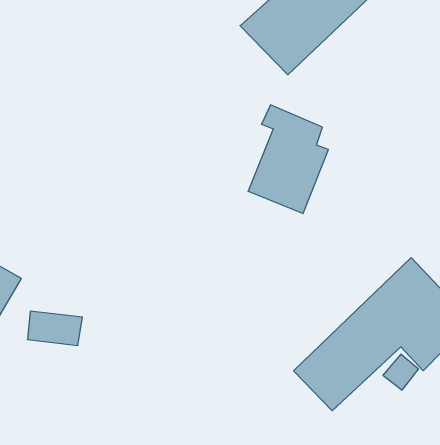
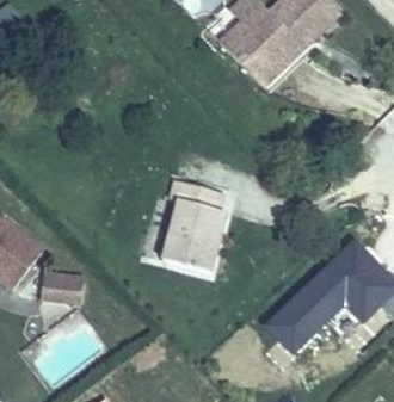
building: [248,105,328,214] -> [156,184,221,271]

